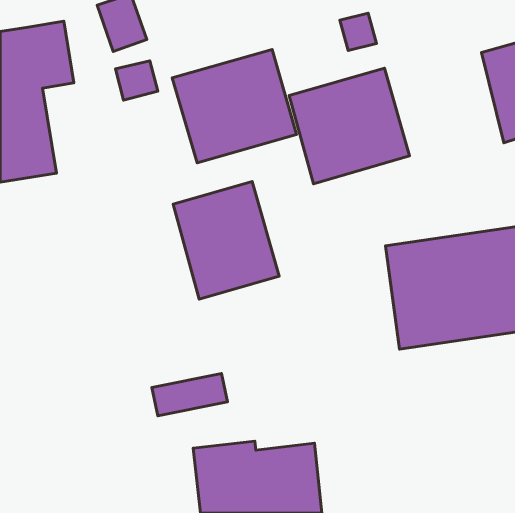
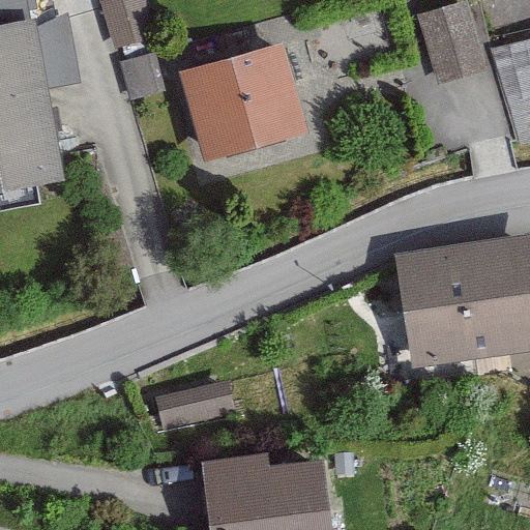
building: none -> [421,6,483,85]
building: [289,68,409,184] -> none
building: [173,182,279,299] -> none

